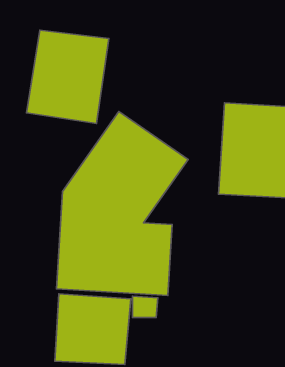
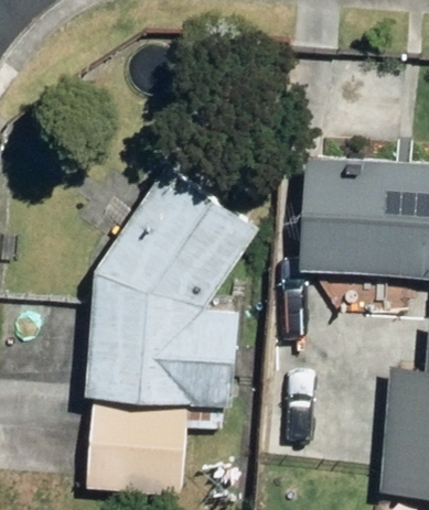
building: [27,30,109,123] -> none

